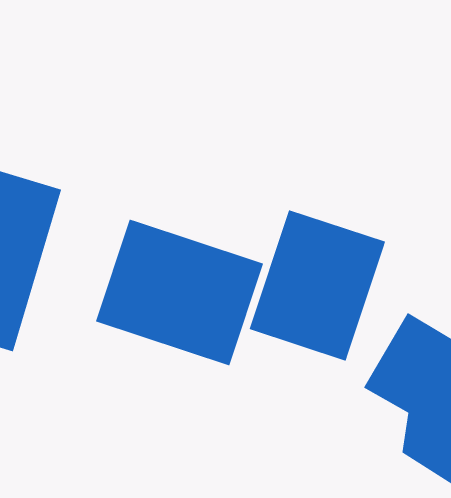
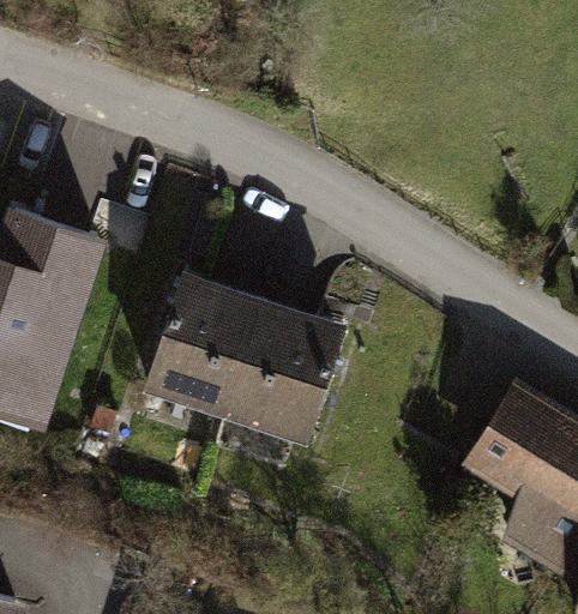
building: [248,209,386,362] -> none

